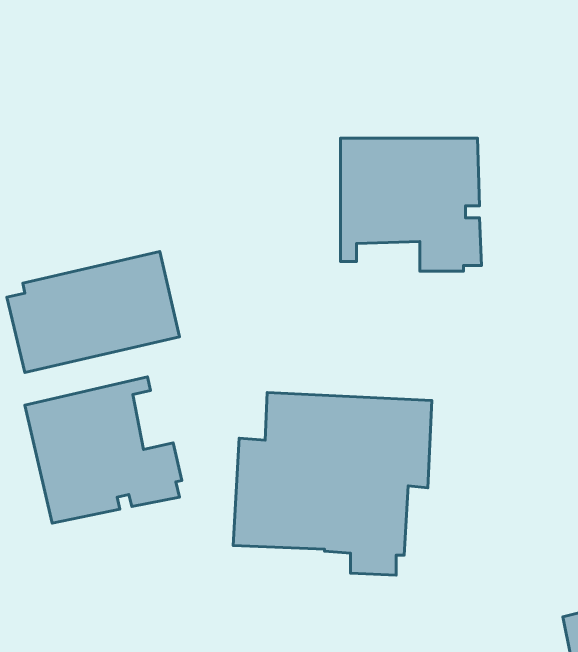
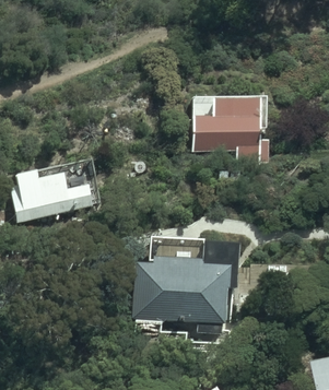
building: [25,377,182,523] -> none

